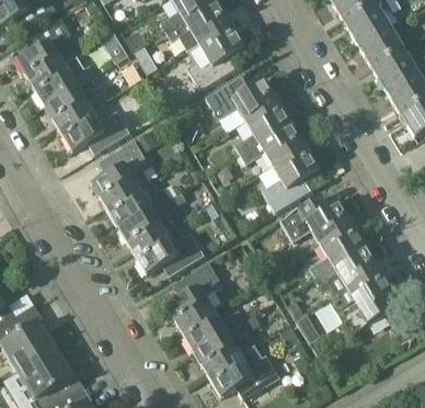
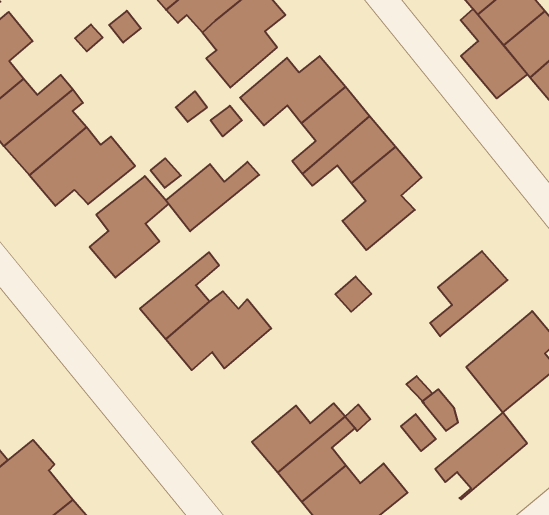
building: none -> [461,9,527,98]
building: [105,185,170,228] -> [166,162,259,231]
building: [280,195,352,243] -> none
building: [315,246,379,299] -> [435,413,527,499]
building: [165,262,222,328] -> none

